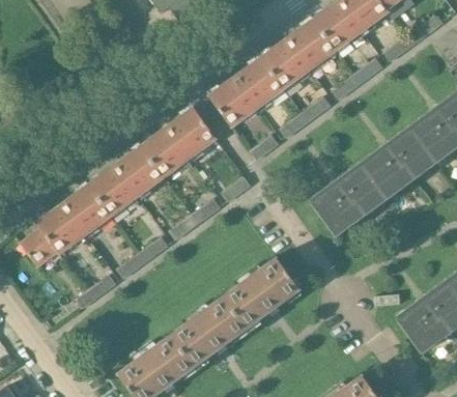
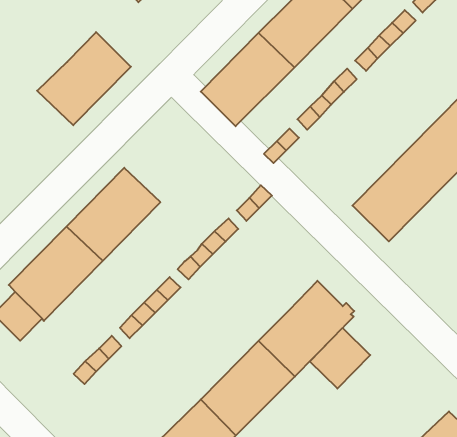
building: [140,108,216,177] -> [37,32,131,125]
building: none -> [310,328,370,389]

